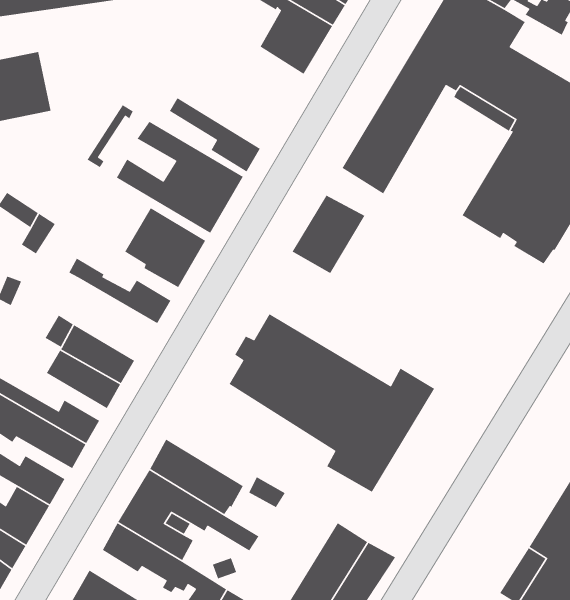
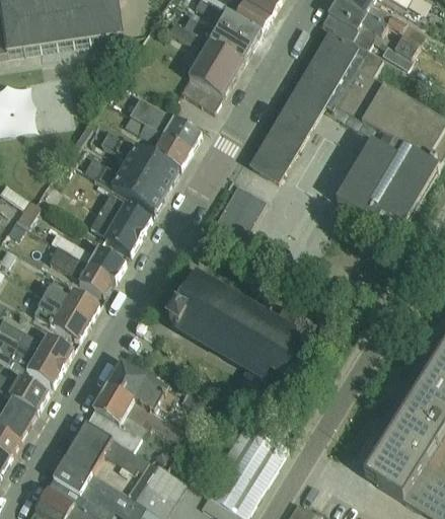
building: none -> [180,76,221,110]
building: none -> [129,95,201,150]
building: none -> [48,244,115,296]
building: none -> [65,442,100,472]

